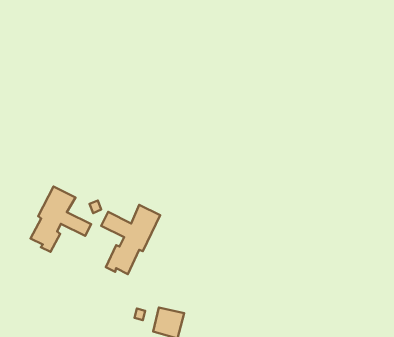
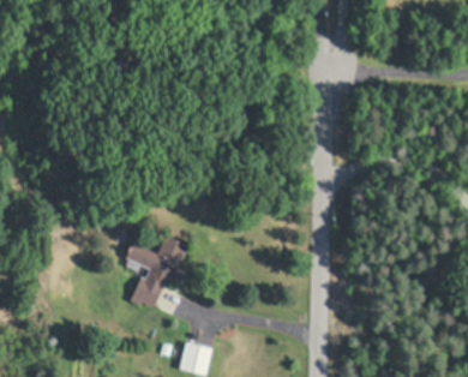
building: [31,186,91,252] -> none

